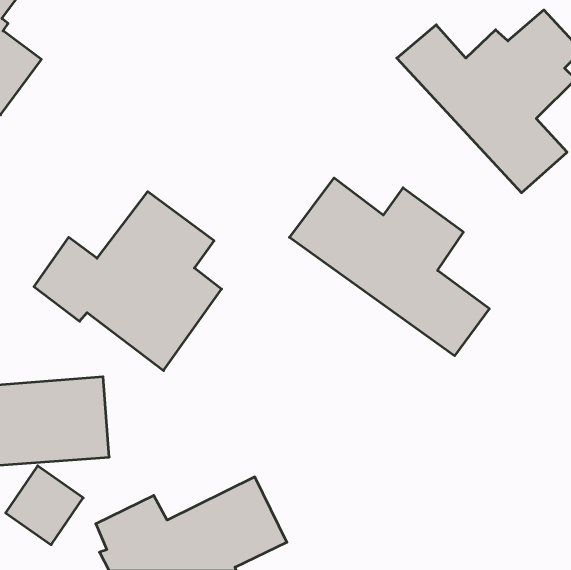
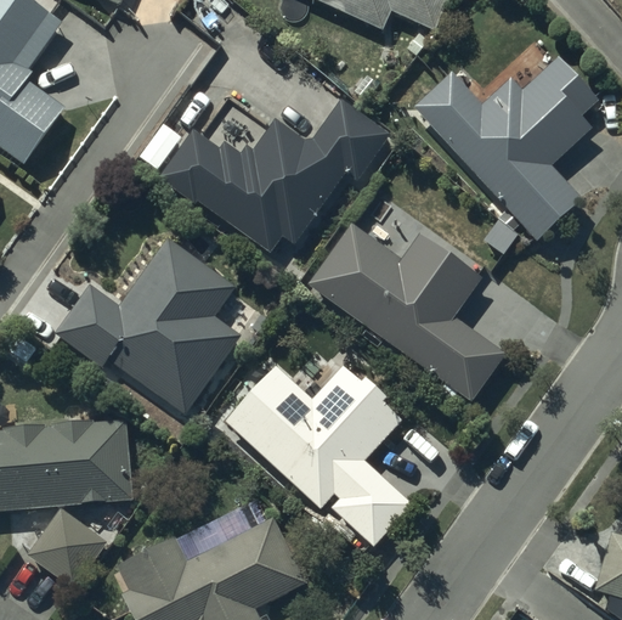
building: none -> [158,97,389,275]
building: none -> [226,363,413,545]

